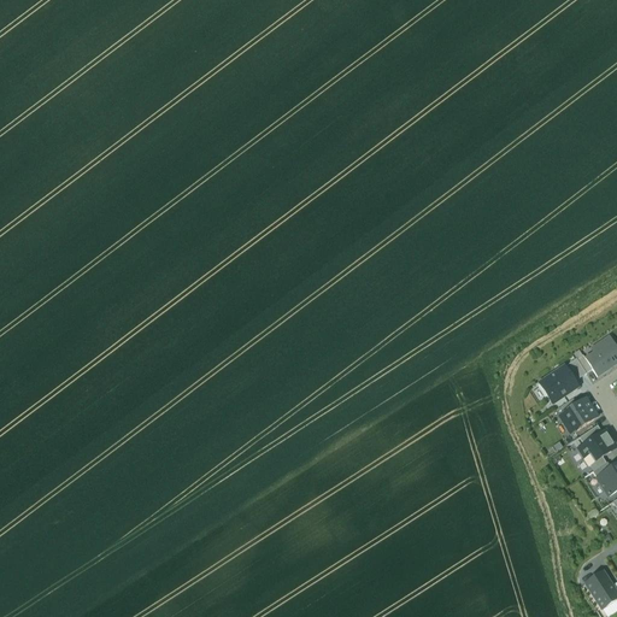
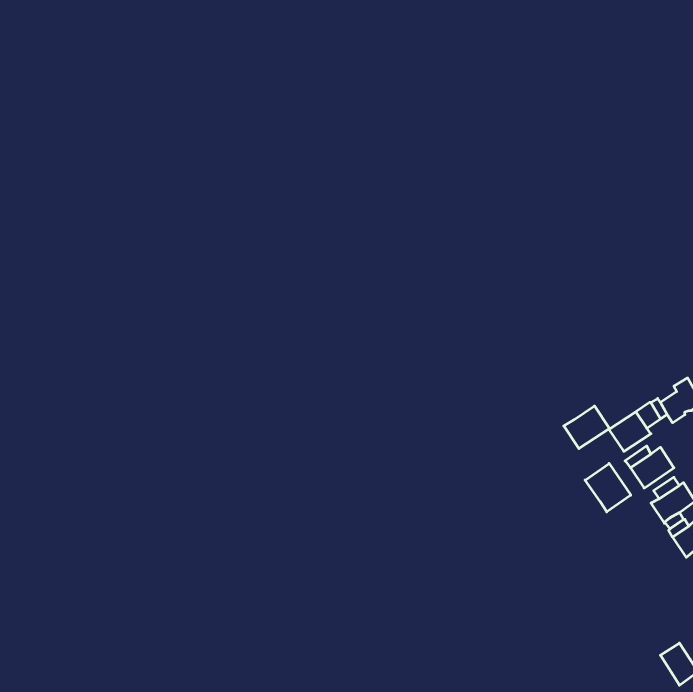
building: none -> [564,406,610,449]
building: none -> [585,463,631,512]

